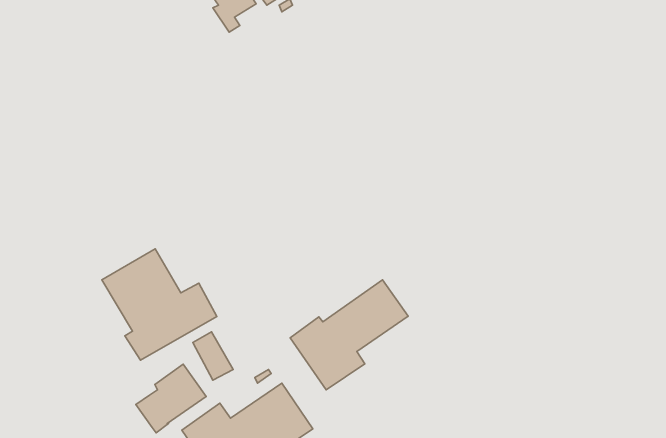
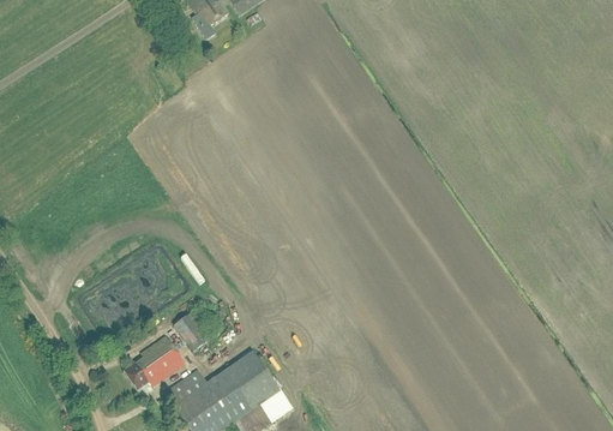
building: [102,249,217,360] -> none
building: [290,280,408,390] -> none

